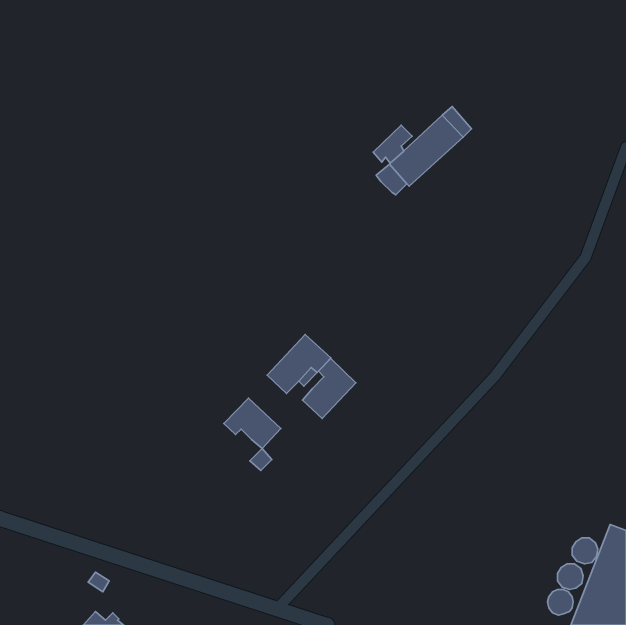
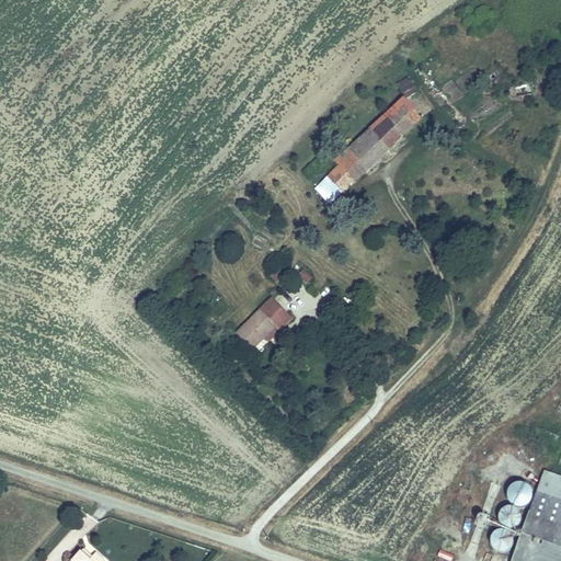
building: [373,125,412,163] -> [316,162,351,196]
building: [302,358,356,419] -> none
building: [224,398,281,449] -> none

